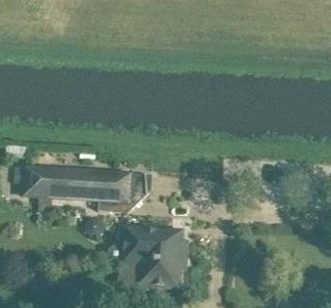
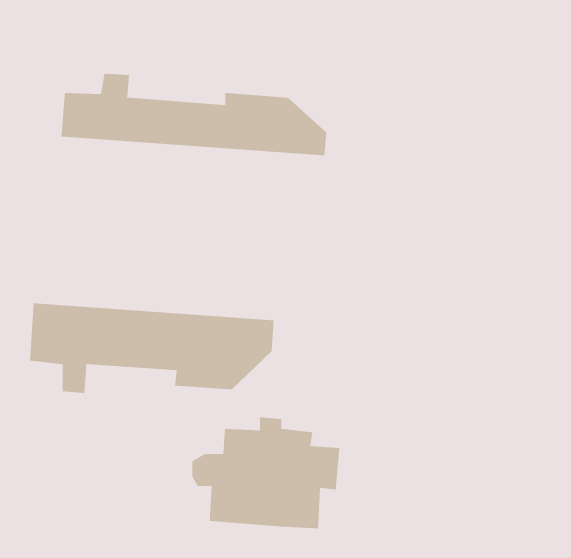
building: none -> [61,73,327,156]

